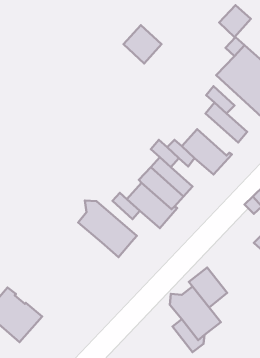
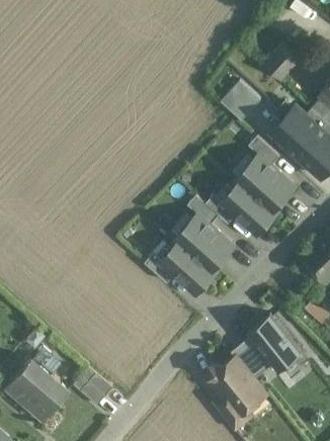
building: [123,25,162,63] -> [220,76,262,118]
building: none -> [236,165,285,211]
building: [78,200,137,257] -> none
building: none -> [248,314,303,371]

